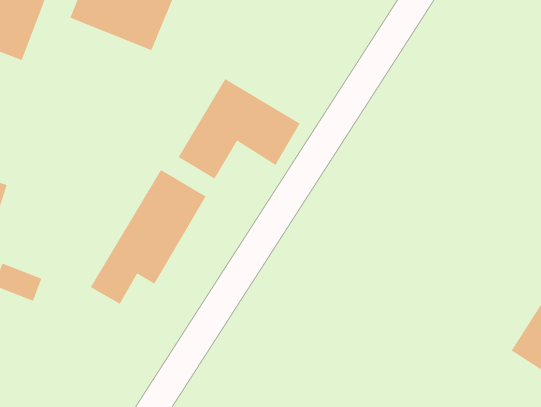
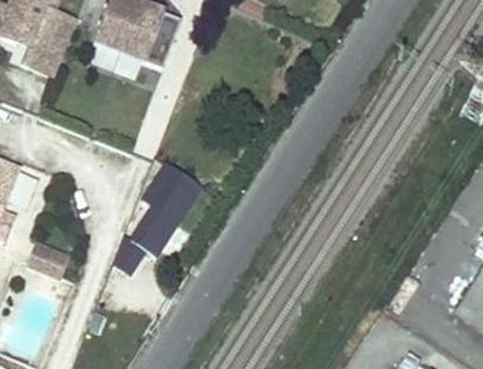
building: [178,78,300,180] -> none

